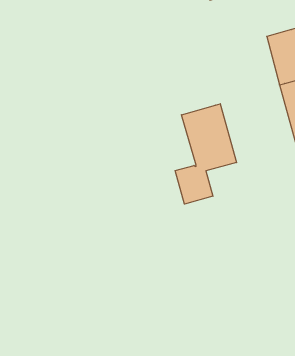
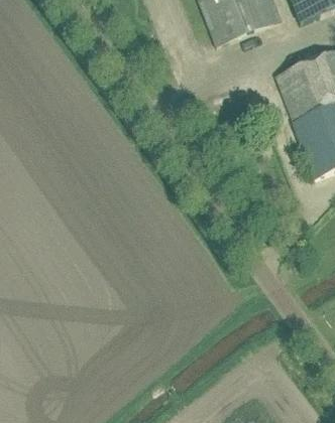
building: [175,104,237,204] -> none

